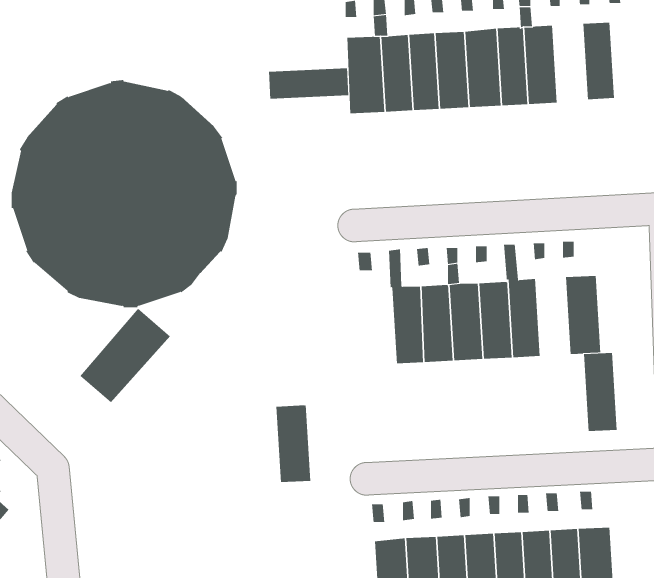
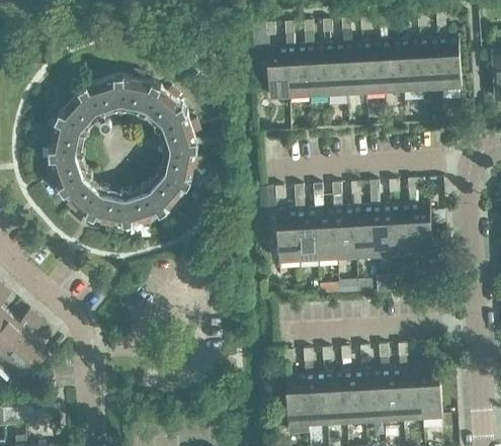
building: none -> [438,39,461,90]
building: none -> [401,41,423,93]
building: [268,68,349,99] -> none
building: [80,308,171,403] -> none
building: [583,352,617,432] -> [390,206,412,258]
building: [276,405,311,483] -> [275,213,299,264]

